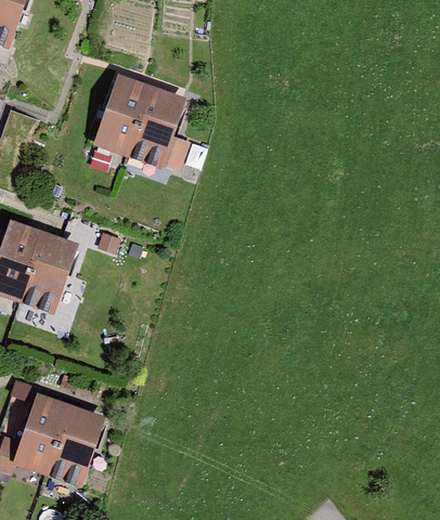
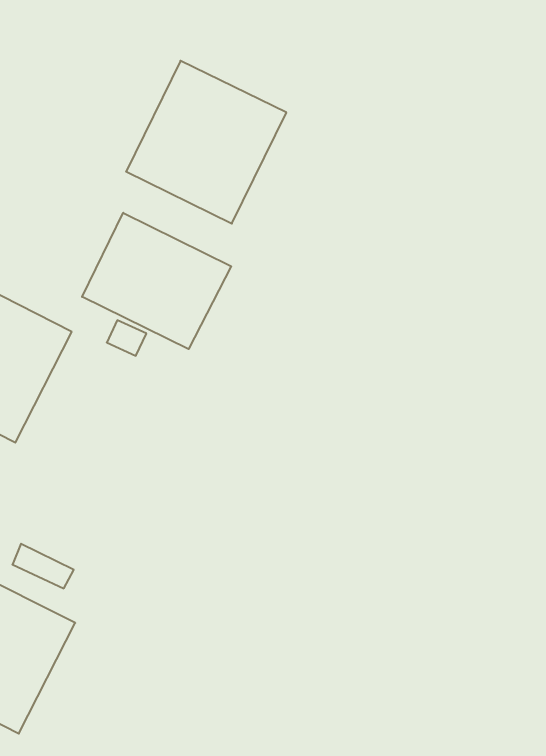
building: none -> [82,213,231,349]

